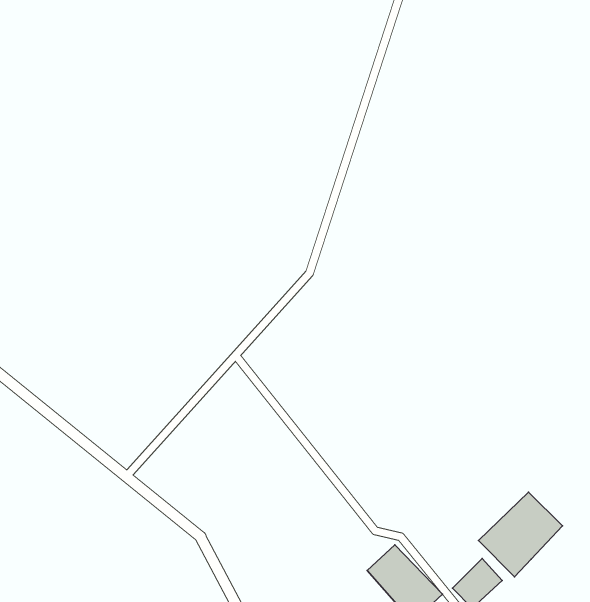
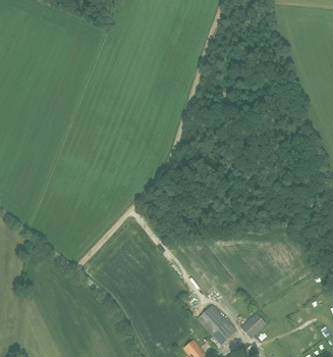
building: [478,492,562,577] -> none

